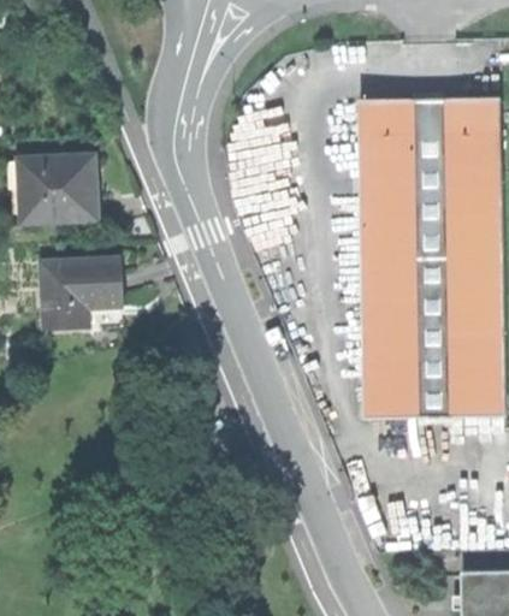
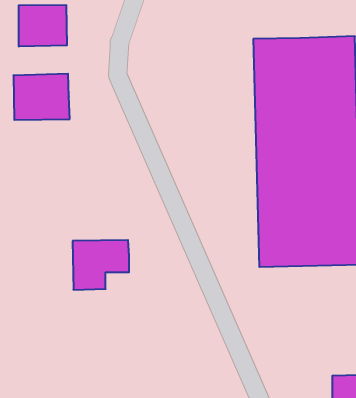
building: none -> [19,5,67,47]
building: [47,259,125,327] -> [73,240,129,290]

